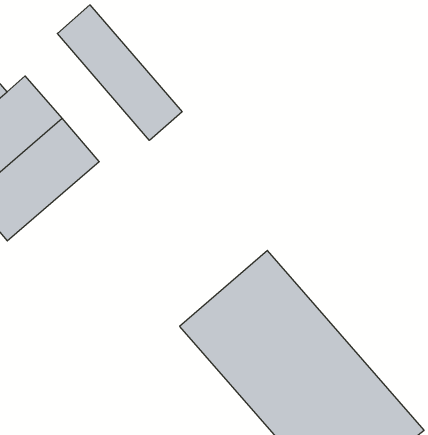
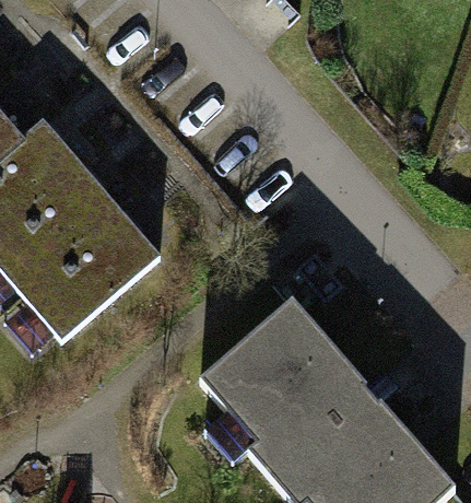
building: [57,5,182,140] -> none
building: none -> [24,210,156,335]

